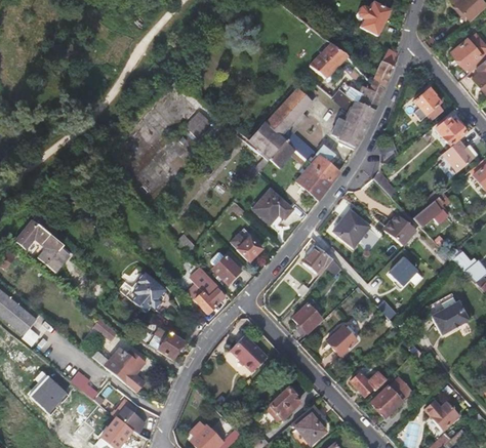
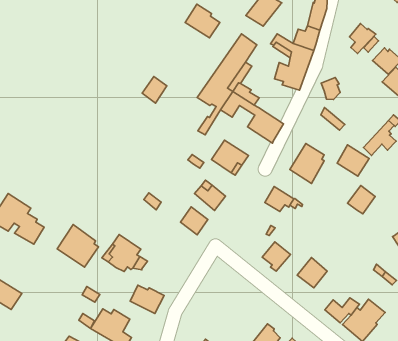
building: none -> [185,4,220,38]
building: [310,144,340,181] -> none
building: none -> [57,224,98,267]
building: [186,263,225,314] -> none
building: [230,335,267,372] -> none

